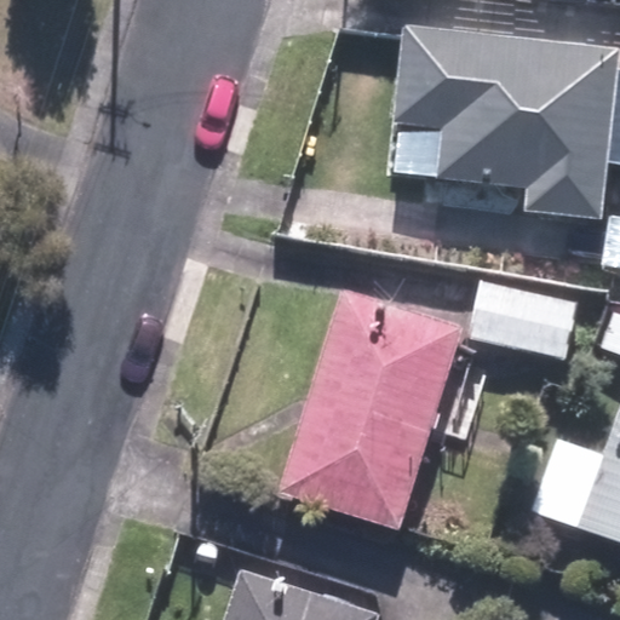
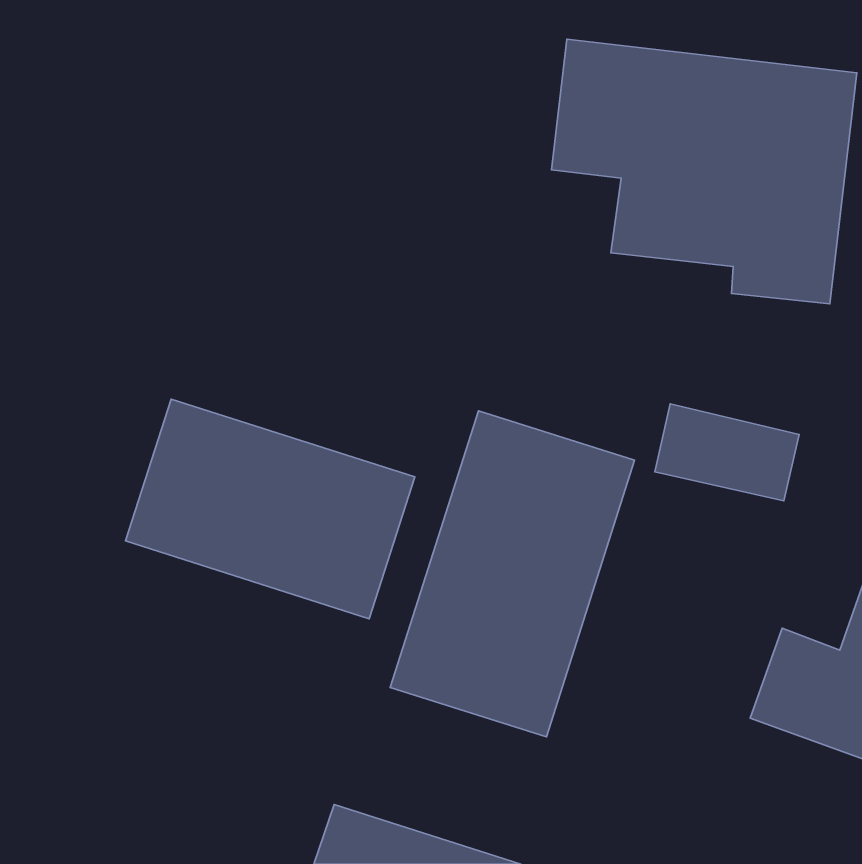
building: none -> [125,399,415,619]

